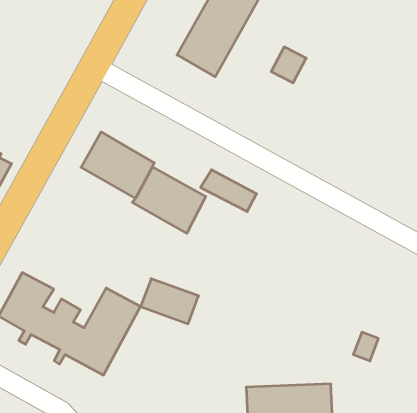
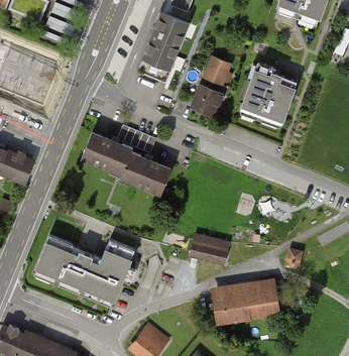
building: none -> [242,62,297,121]
building: none -> [192,88,222,114]
building: [201,170,257,212] -> [116,127,155,153]
building: [141,279,199,324] -> [190,235,229,263]

